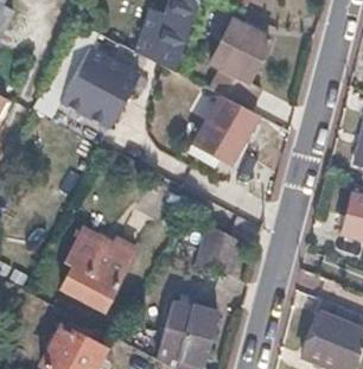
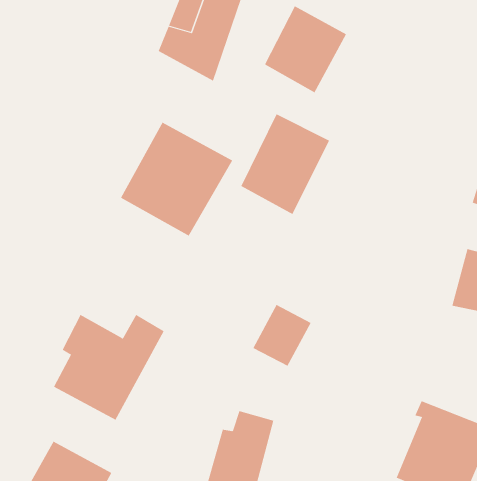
building: [61,49,140,129] -> [120,122,233,236]

